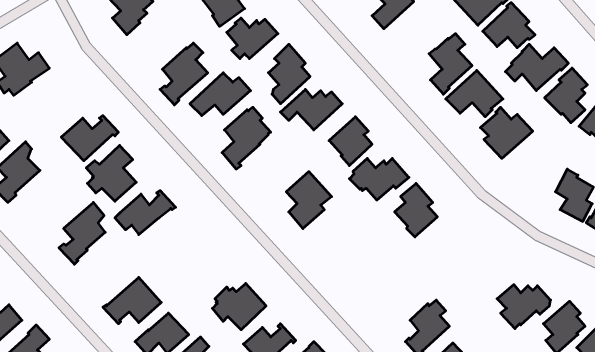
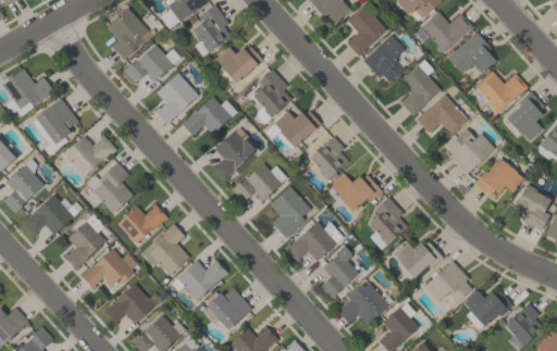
building: none -> [362,35,405,83]
building: none -> [123,45,181,84]
building: none -> [36,98,78,145]
building: none -> [473,156,523,196]
building: none -> [232,163,287,202]
building: none -> [21,195,74,237]
building: none -> [285,221,345,263]
building: none -> [149,224,189,275]
building: none -> [393,240,443,278]
building: none -> [318,246,359,301]
building: none -> [79,248,137,289]
building: none -> [176,259,228,300]
building: none -> [424,261,472,303]
building: none -> [338,283,389,325]

